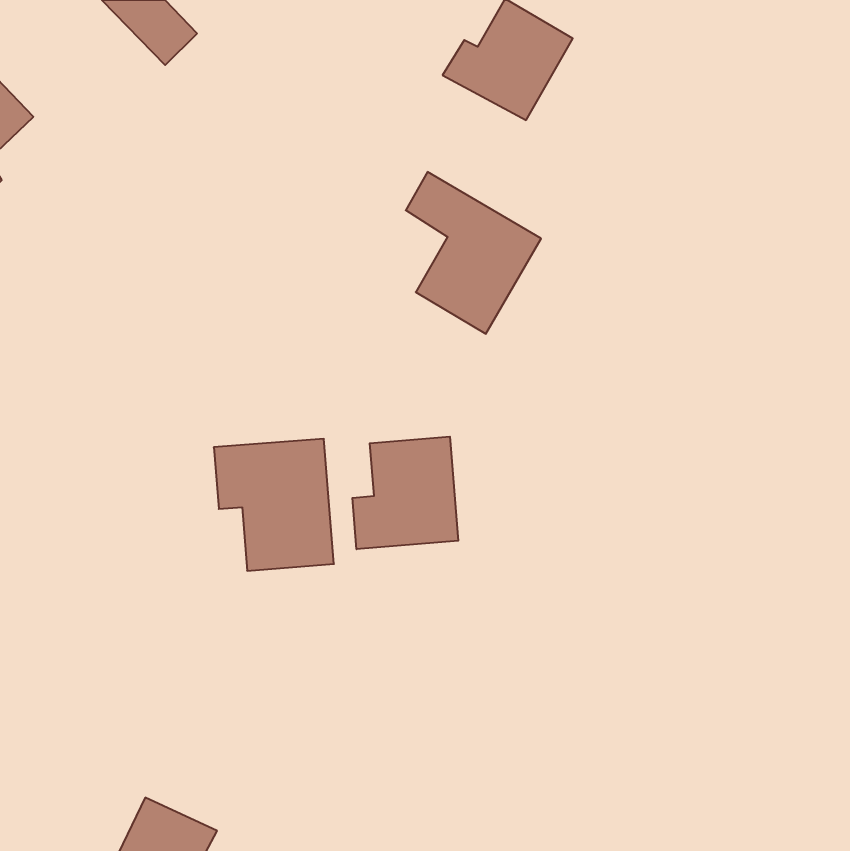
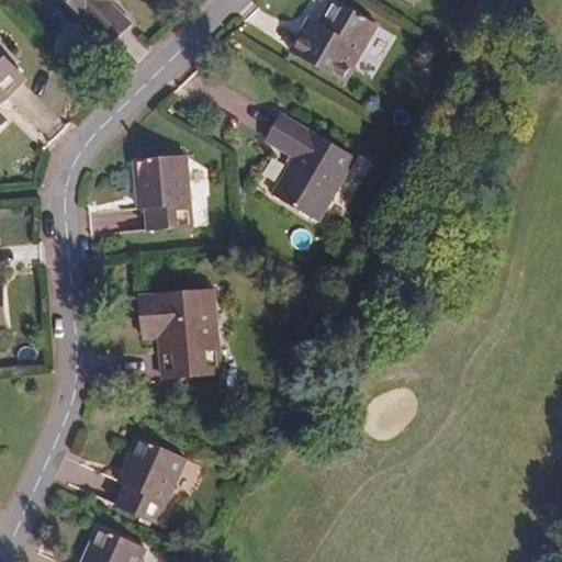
building: none -> [136,155,192,228]
building: [352,437,458,549] -> none
building: none -> [114,436,191,532]

